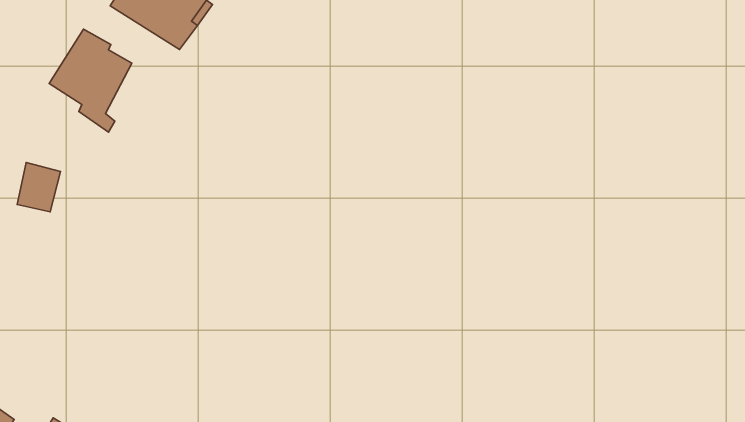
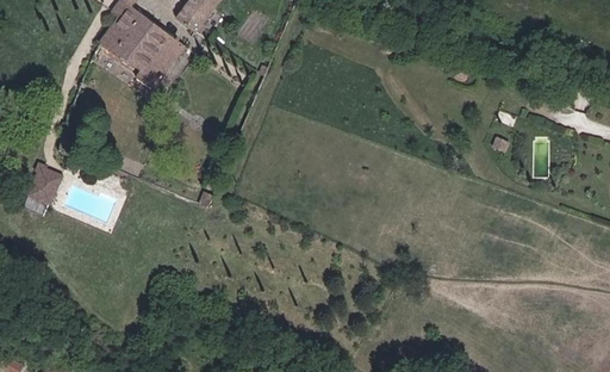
building: [49,29,132,132] -> none

